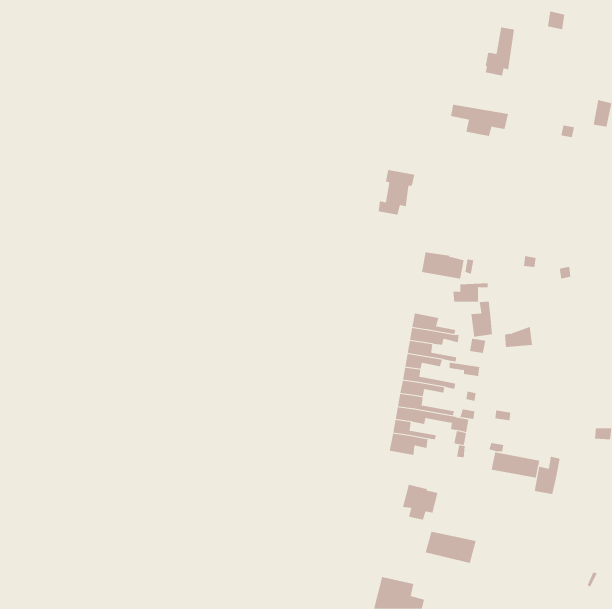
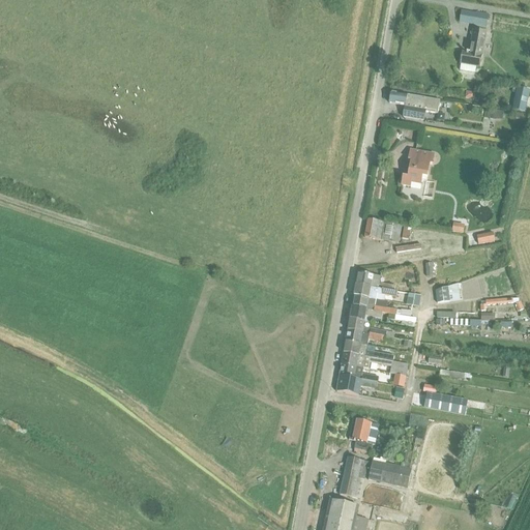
building: [485,27,515,76] -> [459,28,484,70]
building: [378,170,415,215] -> [401,147,433,186]
building: [471,301,493,337] -> none
building: [534,456,560,495] -> none
building: none -> [338,455,366,497]

